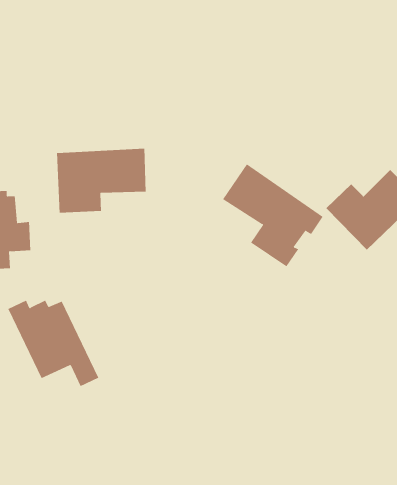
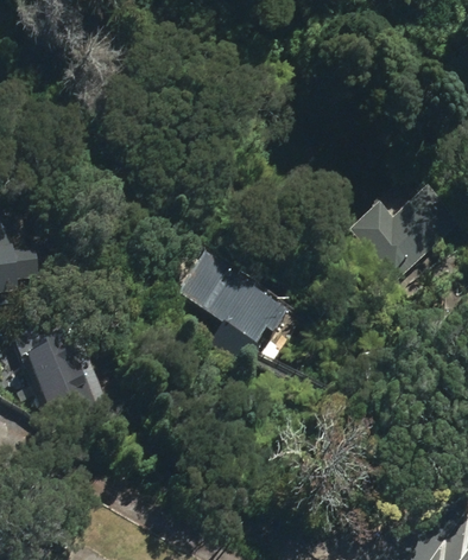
building: [57,148,146,214] -> none
building: [222,163,324,267] -> [176,259,284,369]

